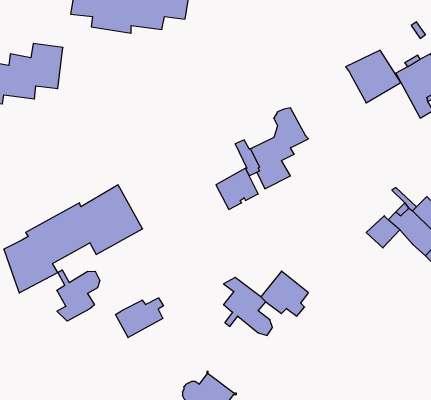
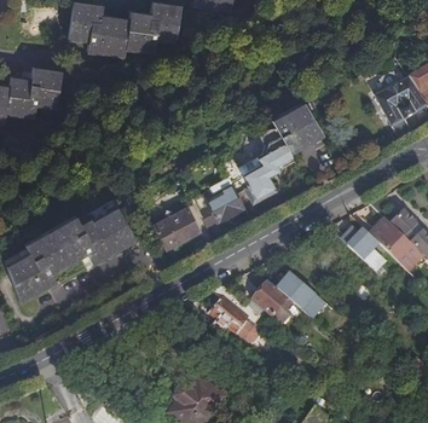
building: [346,50,401,103] -> [271,104,323,153]
building: none -> [154,208,201,250]
building: none -> [278,273,314,309]
building: [57,270,100,321] -> none
building: [116,298,163,338] -> none

